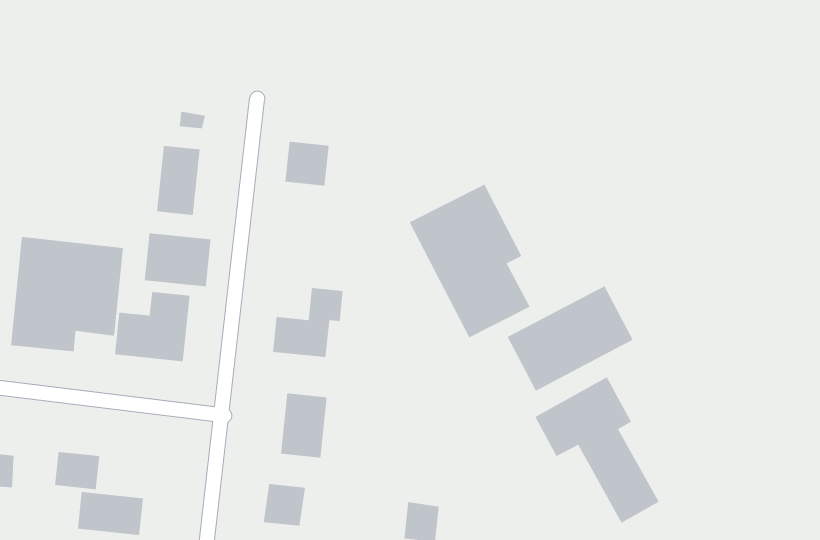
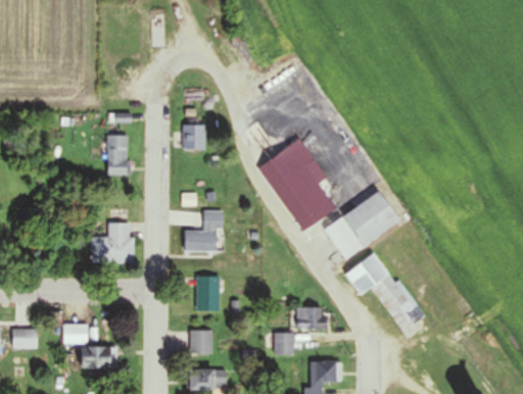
building: [144,232,211,287] -> none
building: [10,236,124,352] -> none
building: none -> [295,306,324,329]

